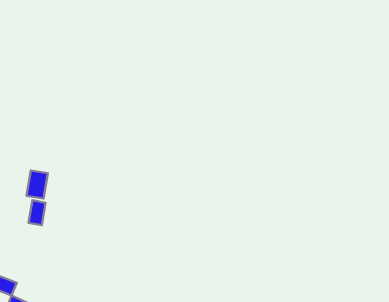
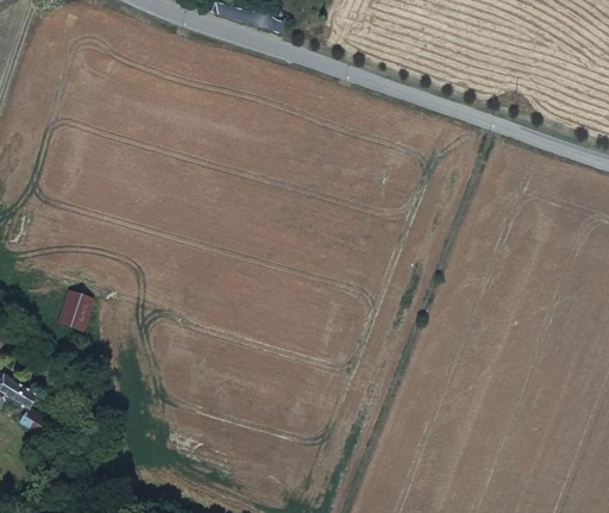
building: [26,171,48,198] -> none

